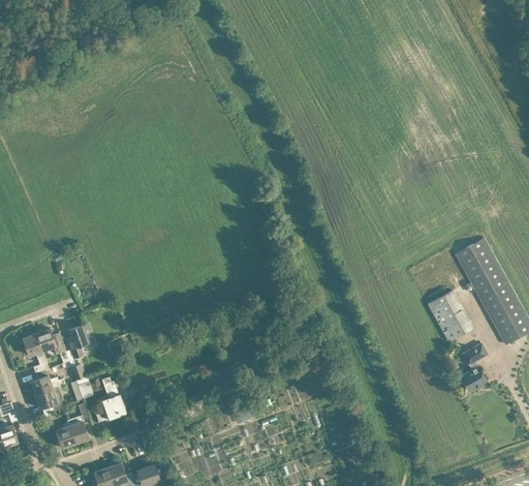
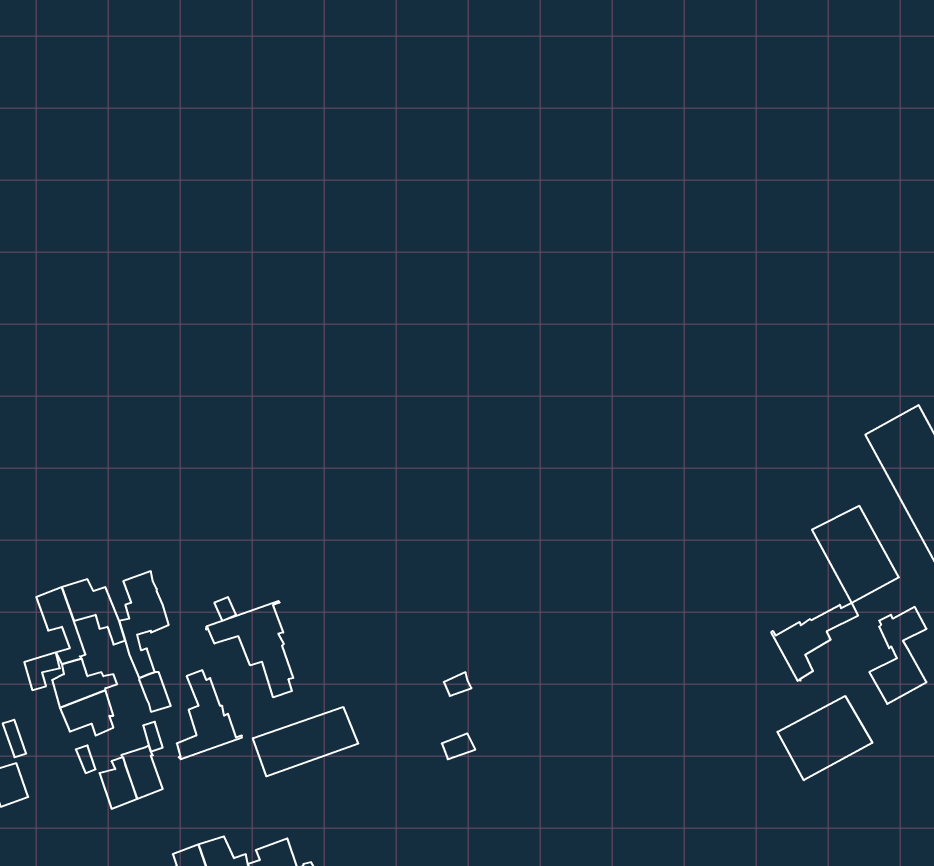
building: none -> [206,601,293,697]
building: none -> [771,603,858,681]
building: none -> [777,696,872,780]
building: none -> [253,707,358,776]

